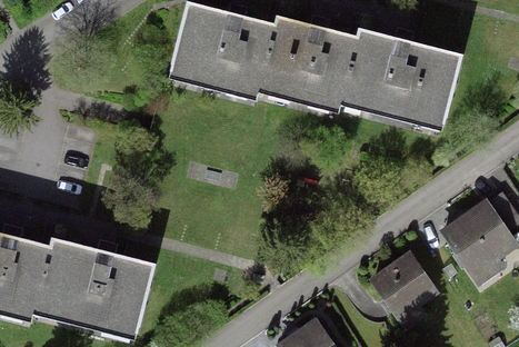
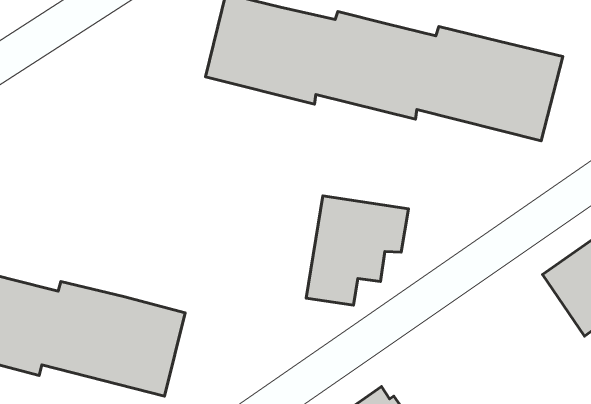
building: none -> [306,196,409,305]
building: [371,256,433,316] -> none

